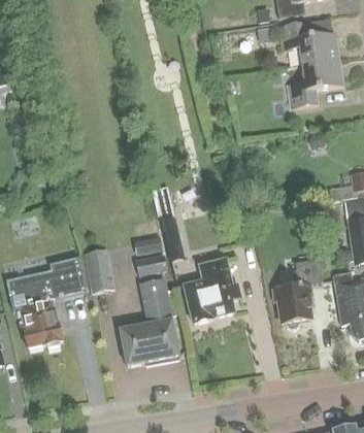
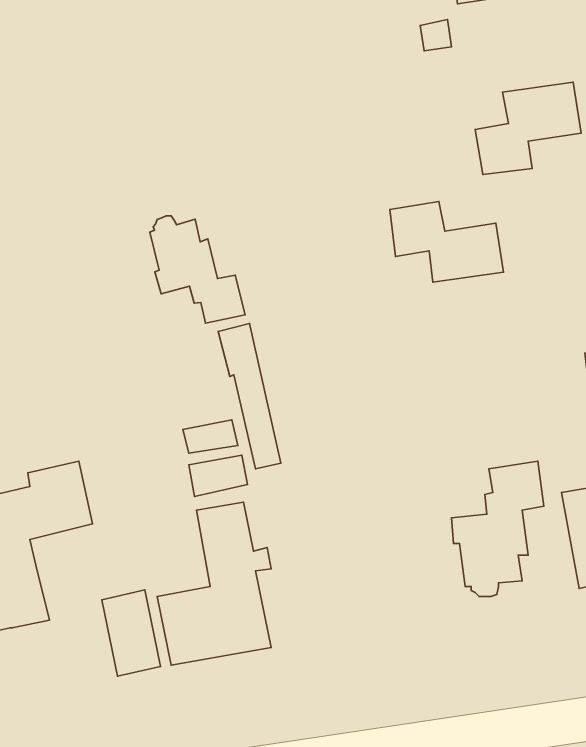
building: [278,21,338,63] -> [390,202,504,282]
building: none -> [150,216,245,323]
building: [84,246,114,292] -> [102,590,161,676]
building: [184,257,240,322] -> none

